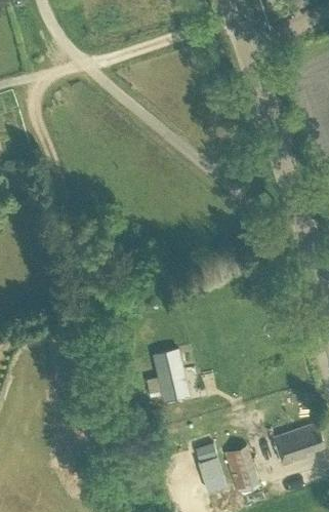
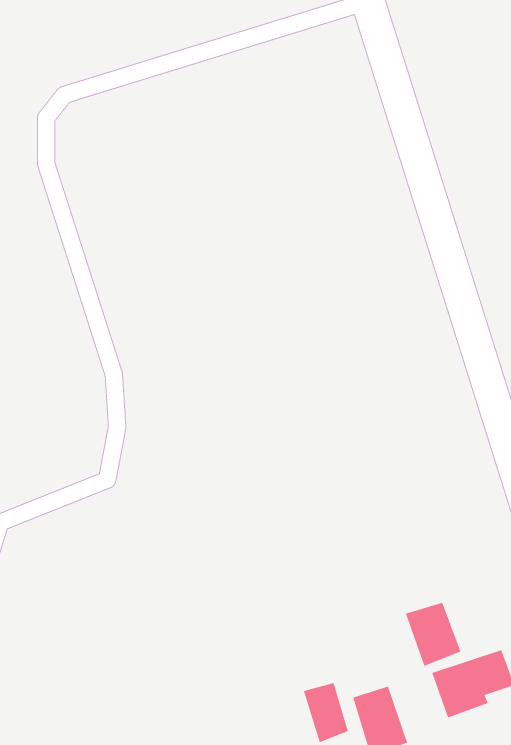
building: [153,350,188,403] -> none
building: none -> [405,602,461,667]

